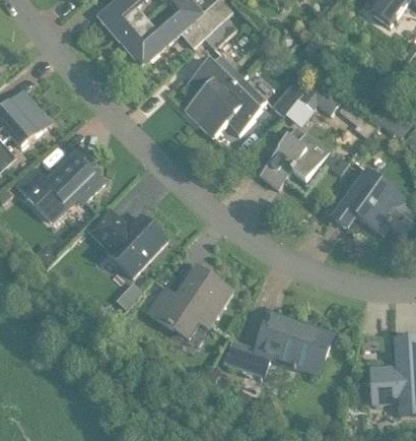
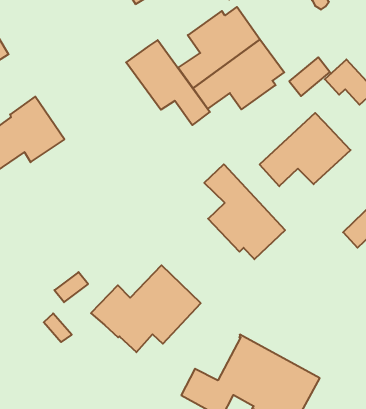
building: none -> [126,40,210,125]
building: none -> [204,164,285,259]
building: [89,209,166,275] -> none

